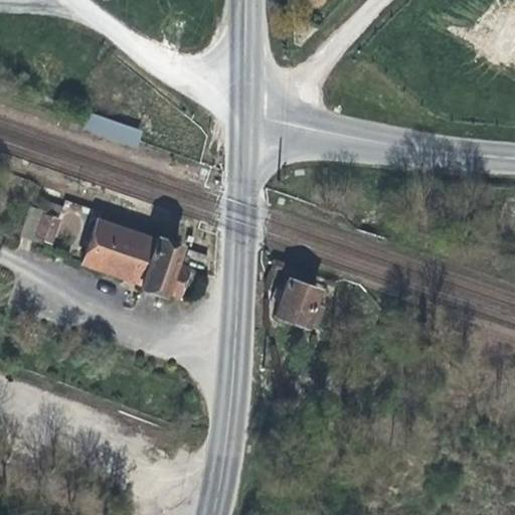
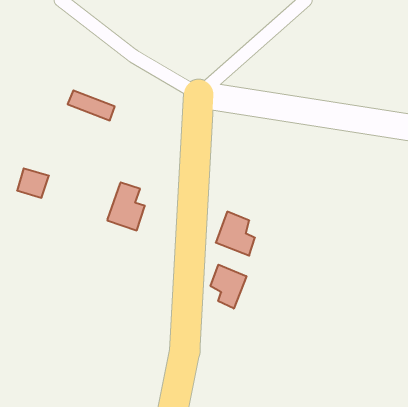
building: [85,219,158,282] -> none
building: none -> [211,265,246,309]

